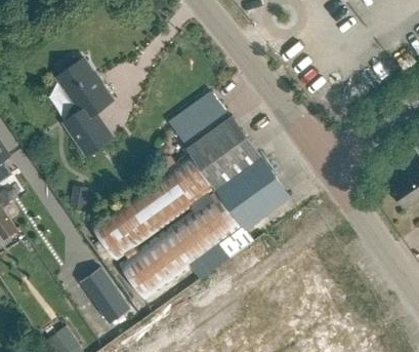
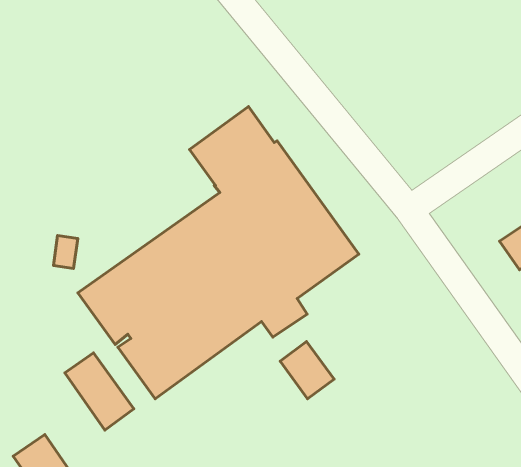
building: [58,56,114,156] -> none
building: none -> [280,342,334,399]

